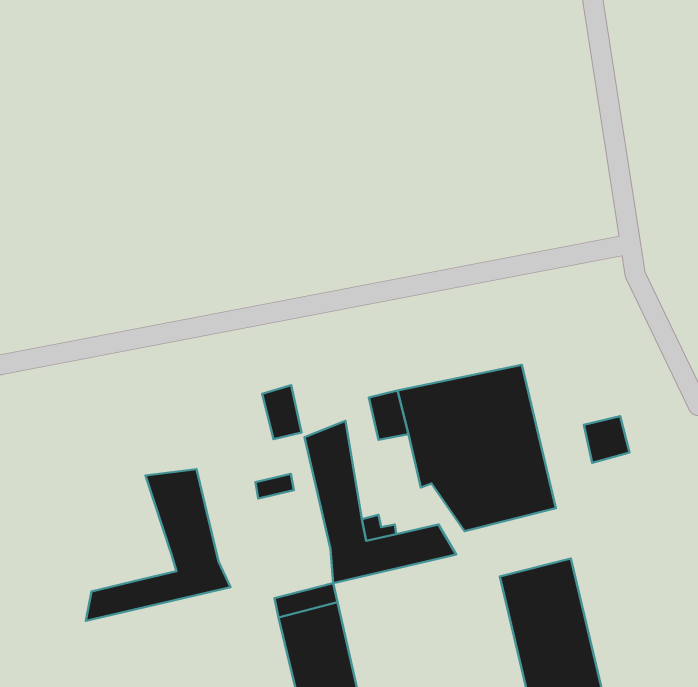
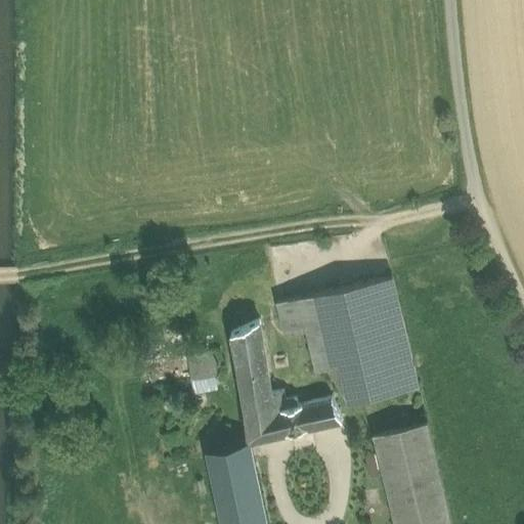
building: [262,385,302,439] -> none
building: [584,416,629,463] -> none
building: [86,469,231,621] -> none

